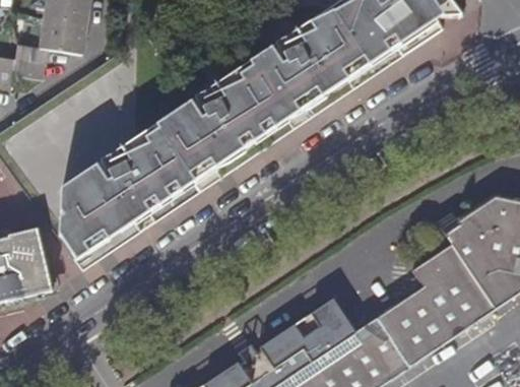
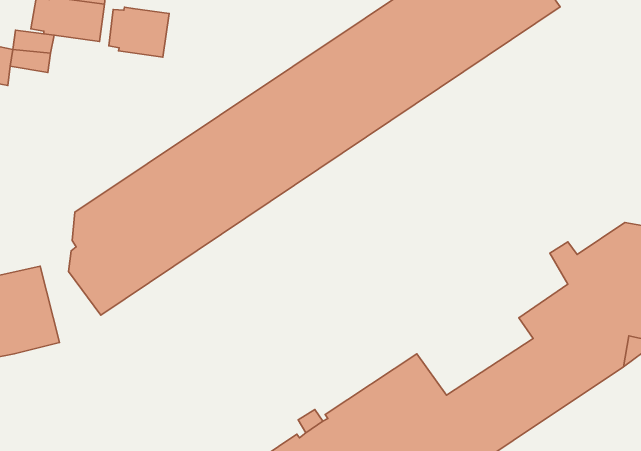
building: none -> [109,7,169,57]

